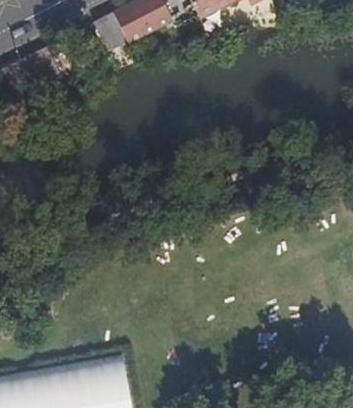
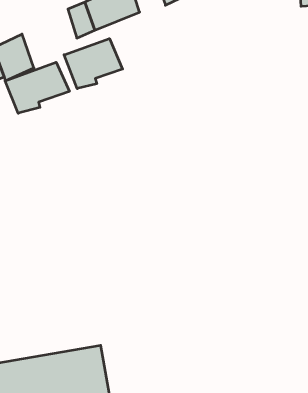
building: none -> [64,39,123,89]
building: none -> [5,62,69,113]

